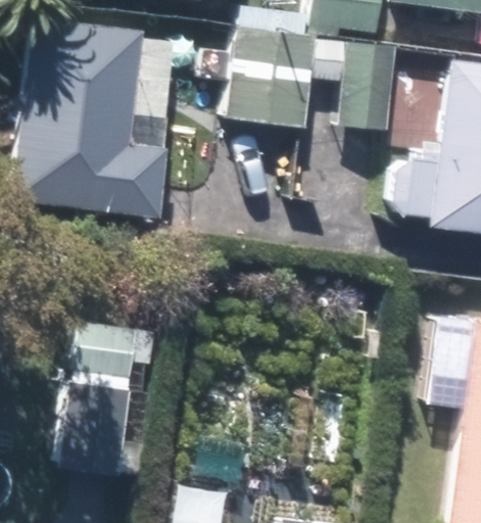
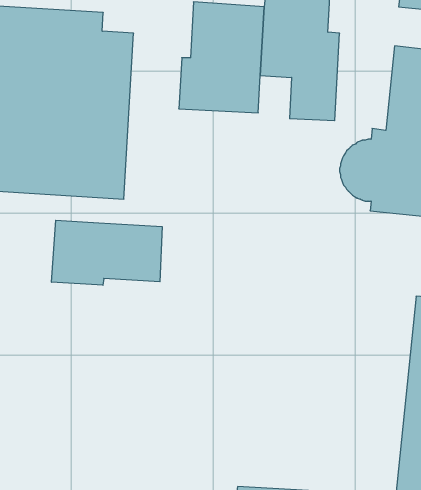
building: none -> [52,220,162,285]
building: [58,302,138,475] -> none

